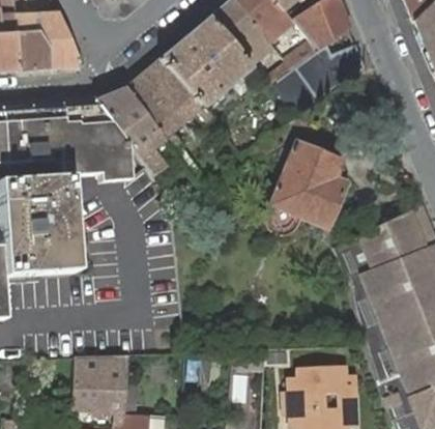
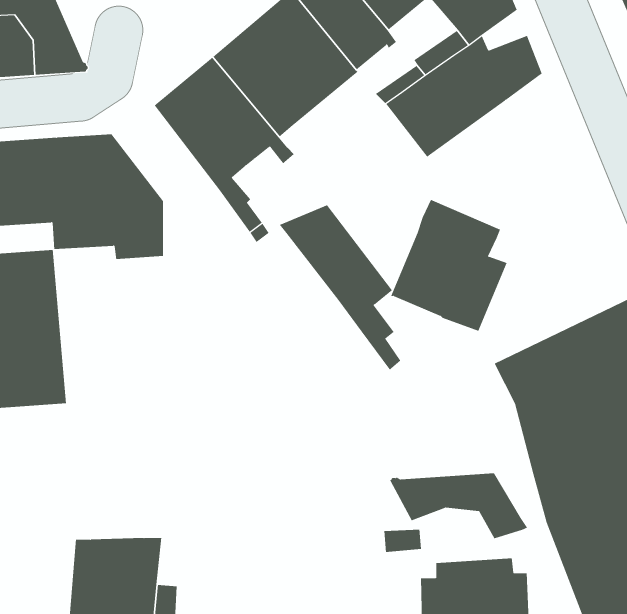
building: [95,88,171,191] -> [279,205,401,370]
building: none -> [389,473,528,539]

